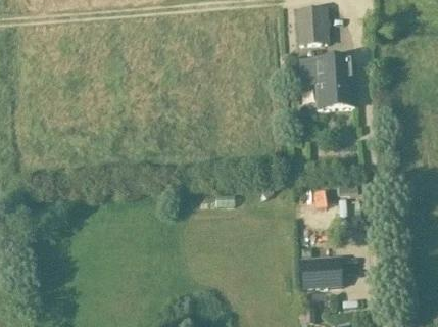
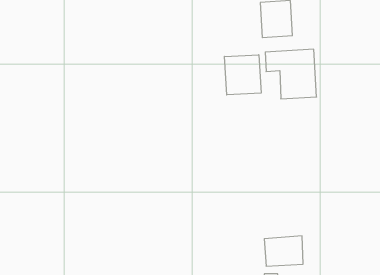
building: none -> [224,55,261,95]

